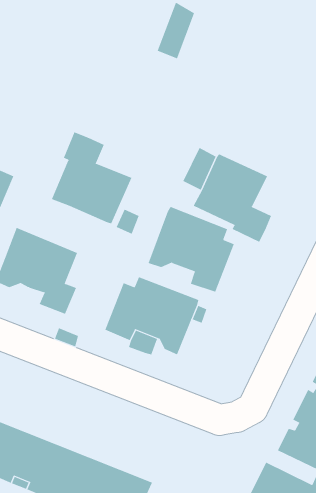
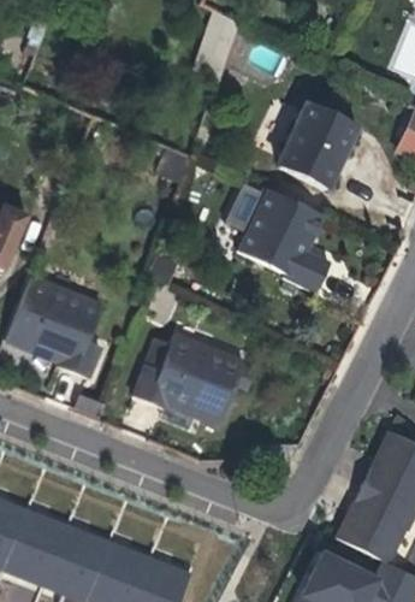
building: none -> [278,102,358,190]
building: [51,132,132,224] -> none
building: [148,206,234,293] -> none

